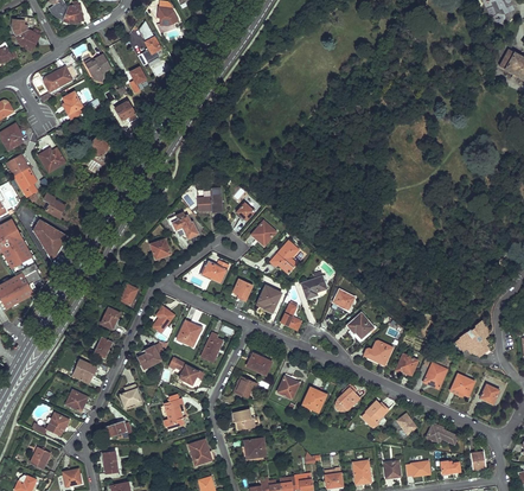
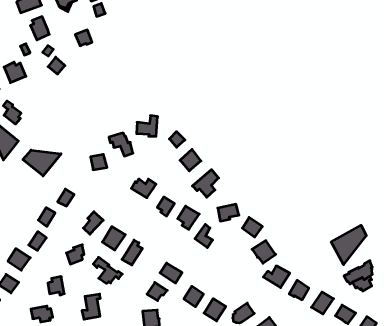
building: none -> [23,150,61,176]
building: none -> [331,225,366,265]

